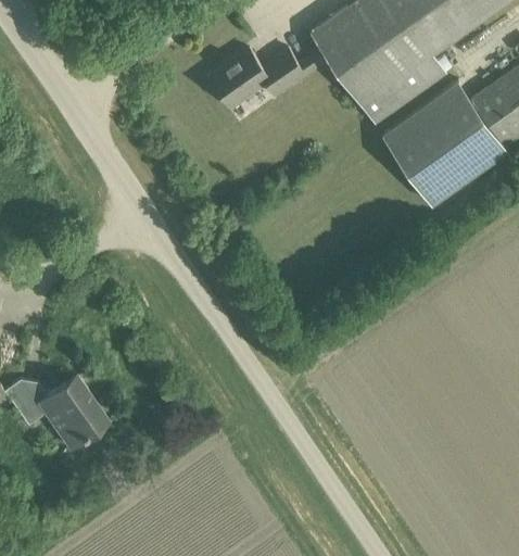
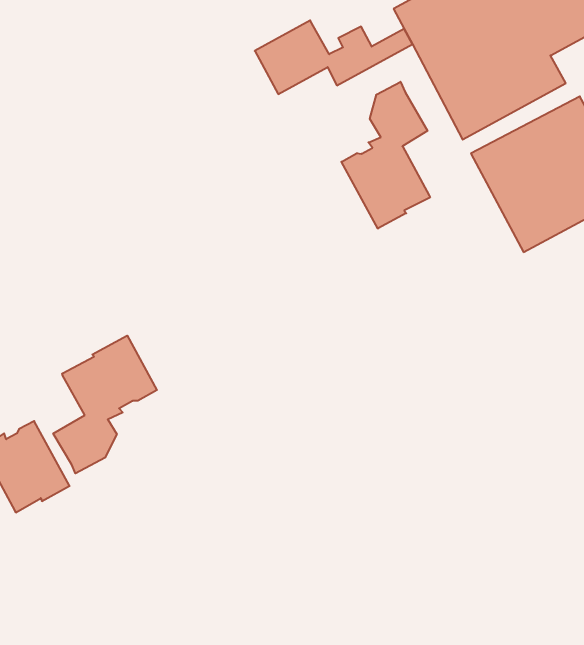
building: none -> [341,82,430,229]
building: none -> [53,336,157,473]

